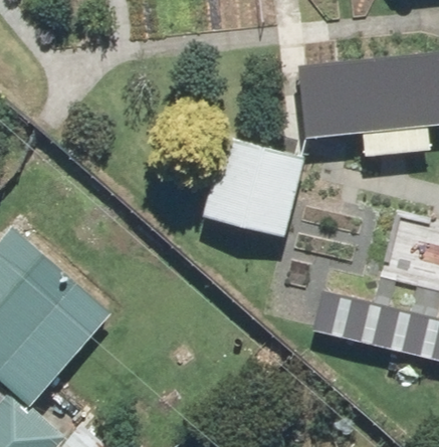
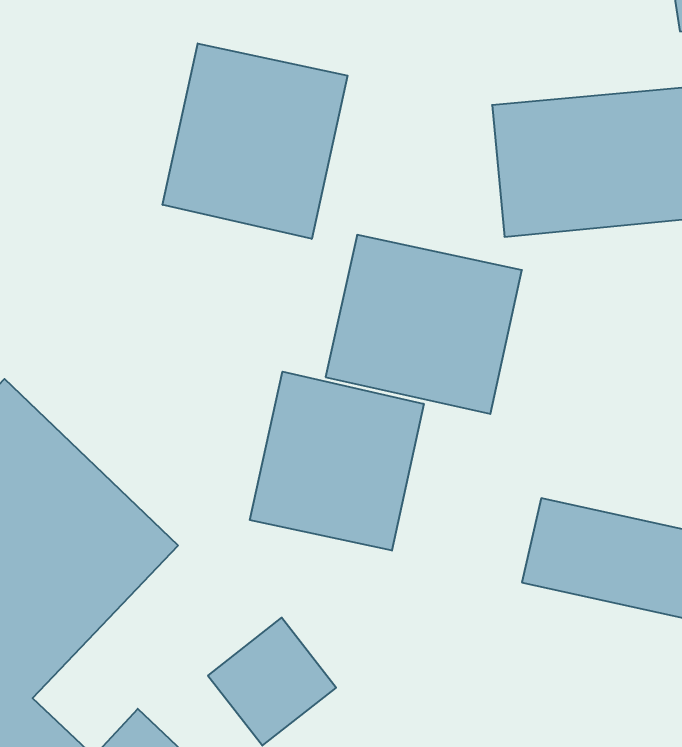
building: none -> [163,43,348,239]
building: none -> [250,372,424,551]

